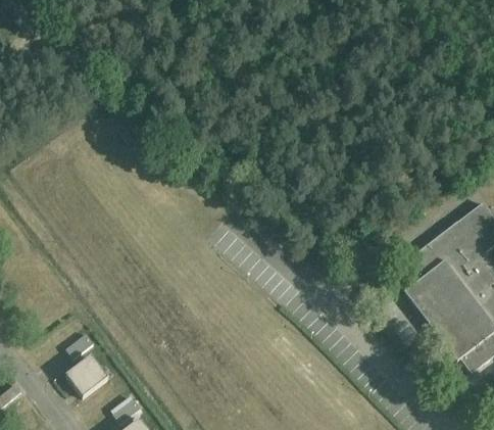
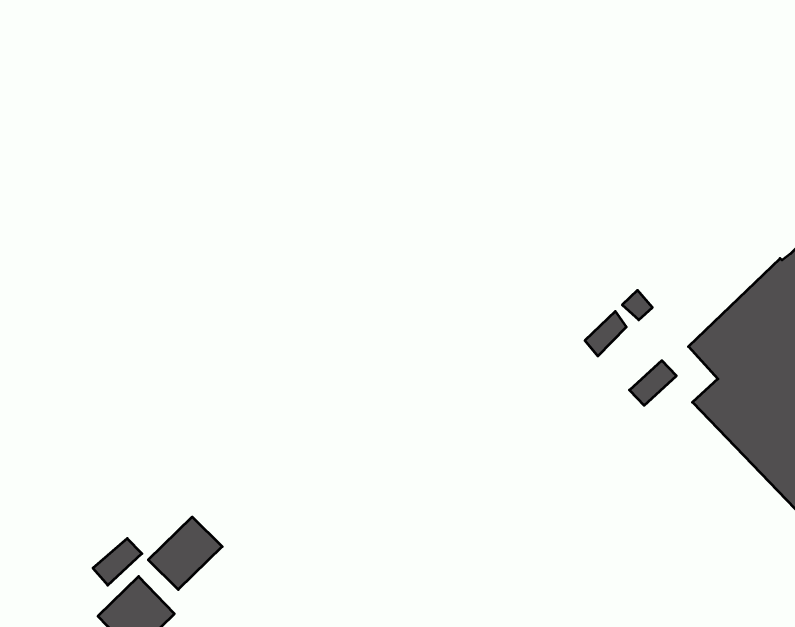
building: none -> [148,517,222,590]

